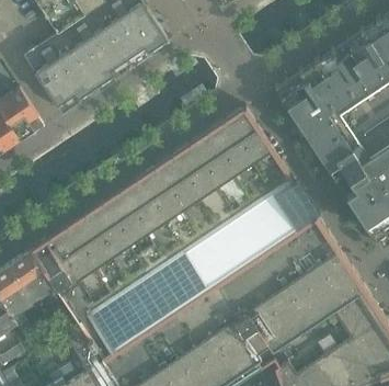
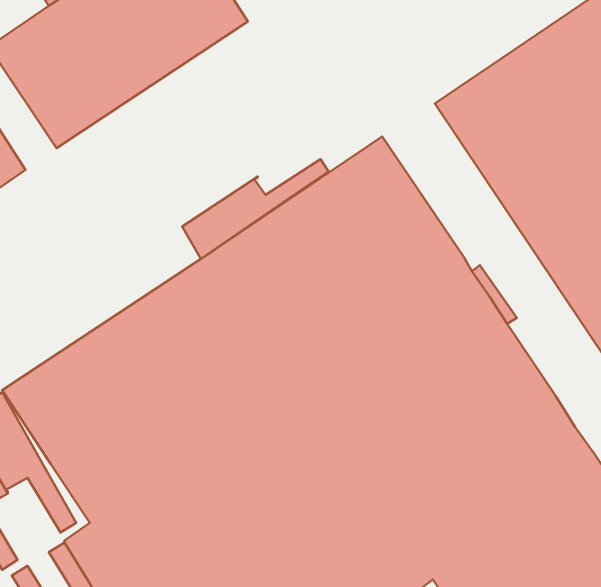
building: none -> [182,159,328,259]

